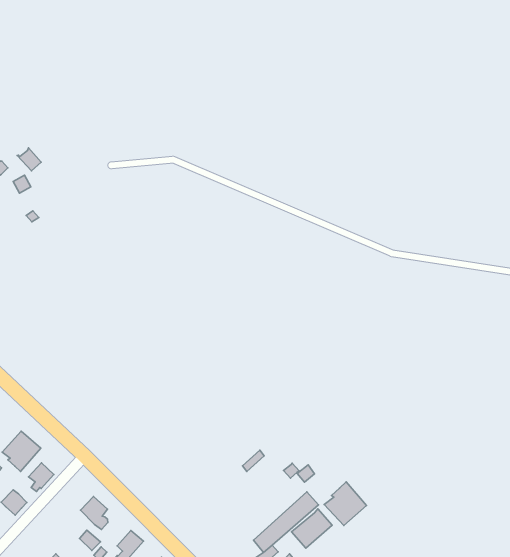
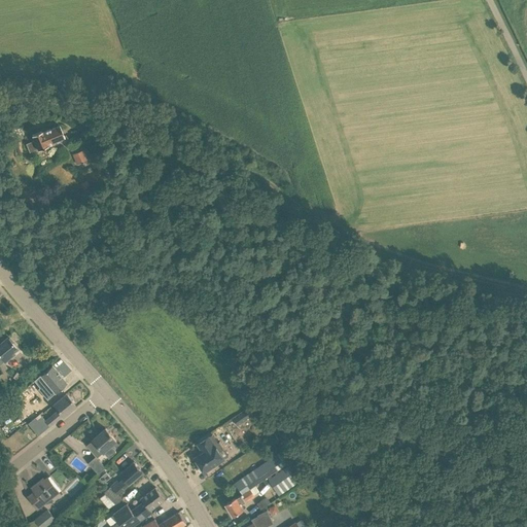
building: [324,482,366,525] -> none
building: none -> [195,434,227,472]

